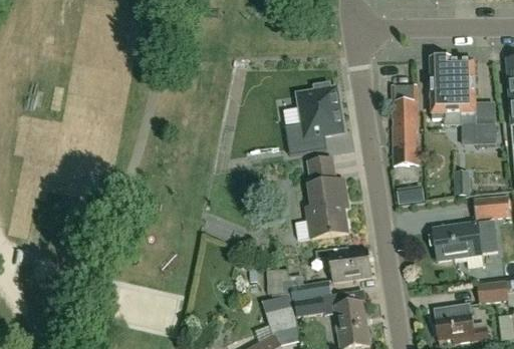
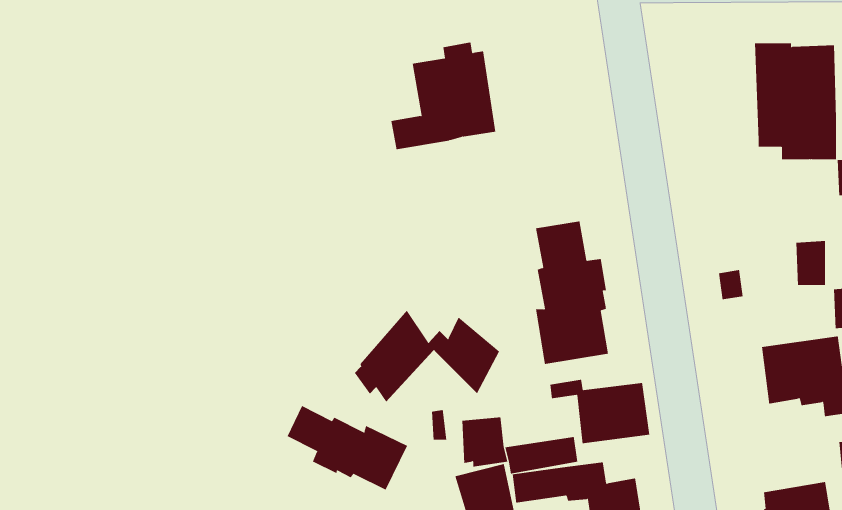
building: [288,83,347,143] -> [390,42,496,150]
building: [391,84,418,163] -> none
building: none -> [354,310,500,403]
building: none -> [287,405,408,491]

